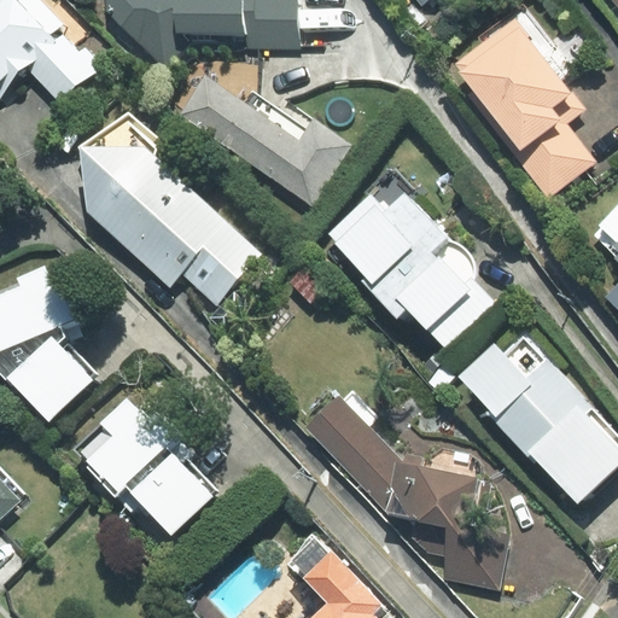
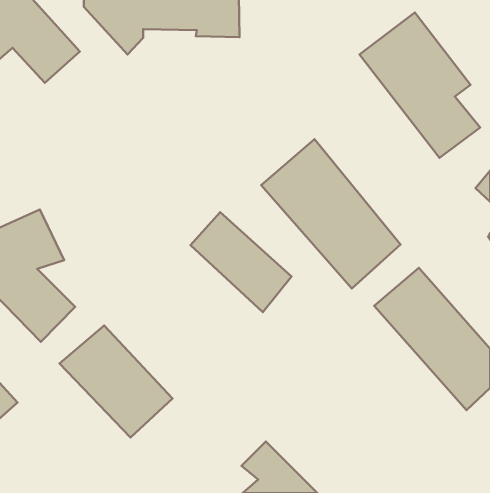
building: [182,76,351,204] -> none
building: [84,147,260,301] -> none
building: none -> [191,212,291,312]
building: [303,392,512,591] -> none

